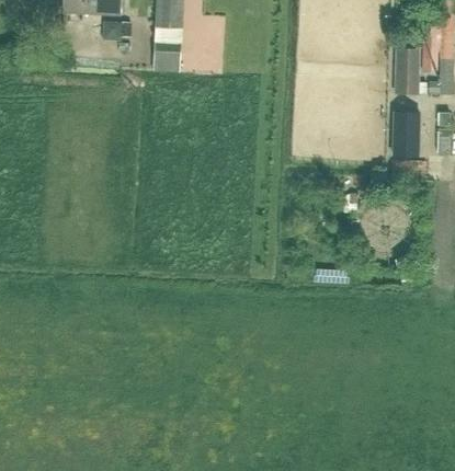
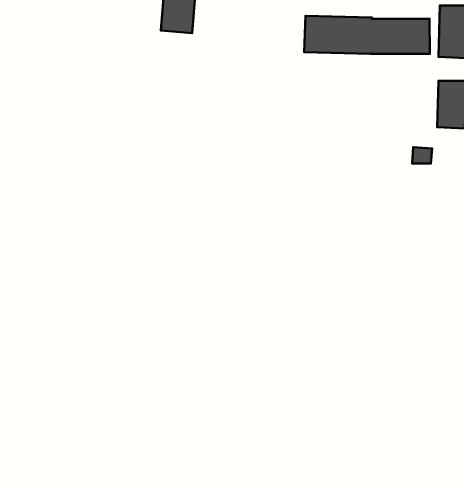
building: none -> [304,16,430,54]

